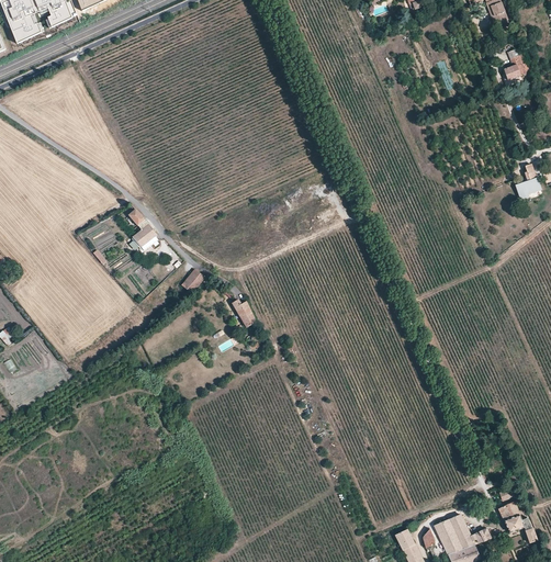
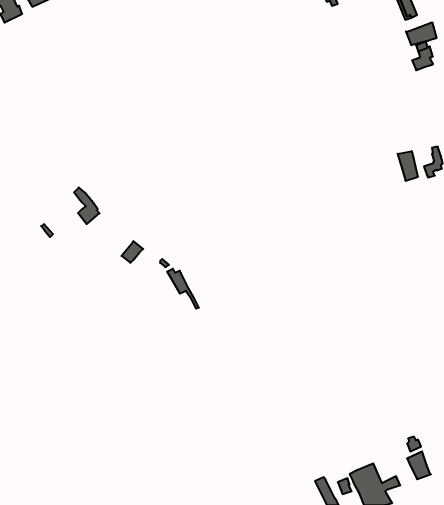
building: none -> [406,22,436,45]
building: none -> [398,151,418,181]

